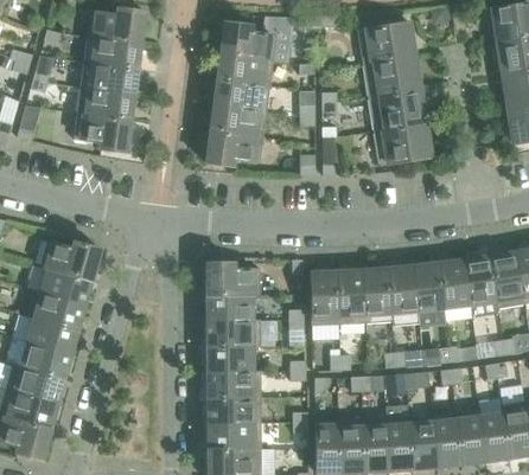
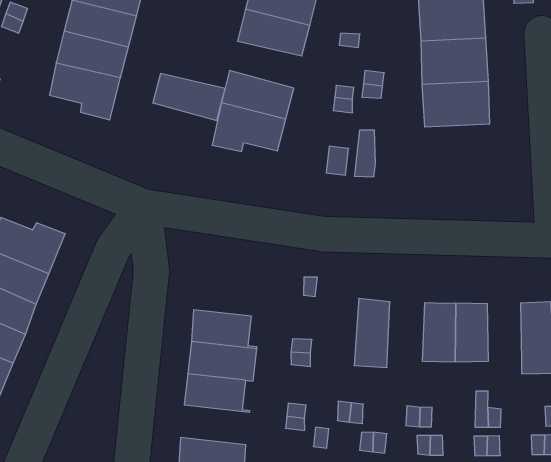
building: [215,79,270,111] -> [153,74,225,121]
building: [374,122,431,165] -> none
building: [208,261,261,295] -> none
building: [439,261,471,309] -> none
building: [362,269,393,323] -> none
building: [310,271,339,340] -> none
building: [209,371,261,397] -> none

